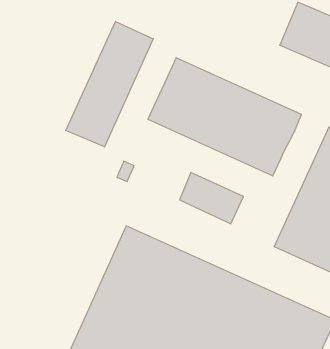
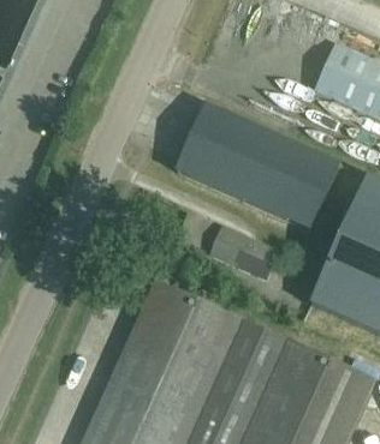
building: [66,21,153,147] -> none

